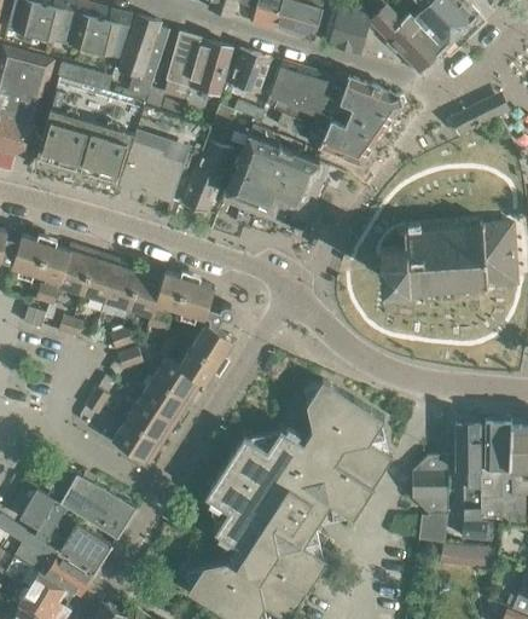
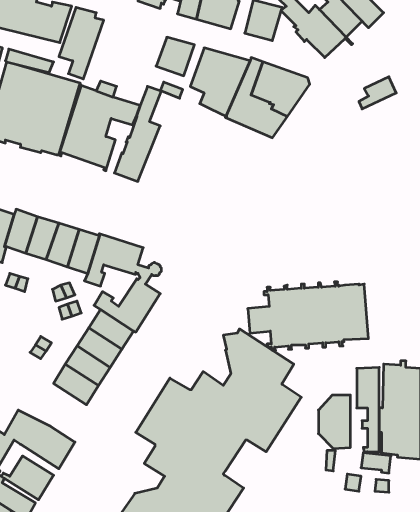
building: [162,33,231,99] -> none
building: [225,123,318,215] -> none
building: [379,220,516,297] -> [248,282,368,350]

